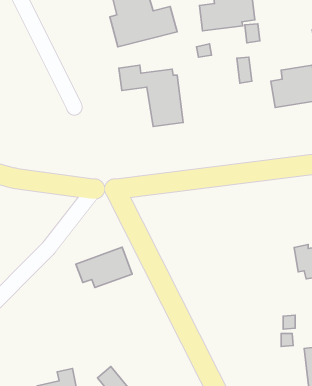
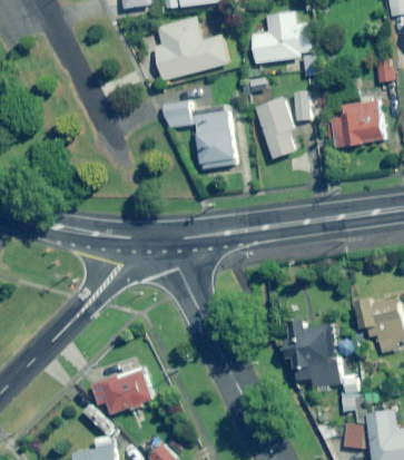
building: none -> [255,98,295,158]
building: [76,247,132,287] -> [90,369,152,413]
building: none -> [285,319,337,386]
building: none -> [342,423,365,448]

